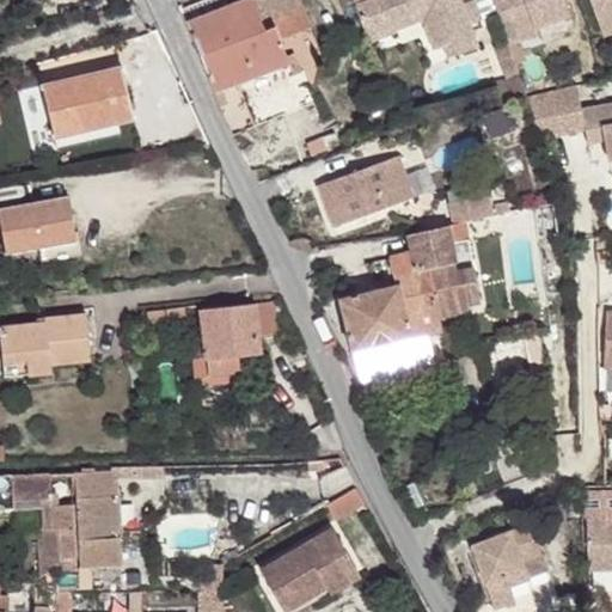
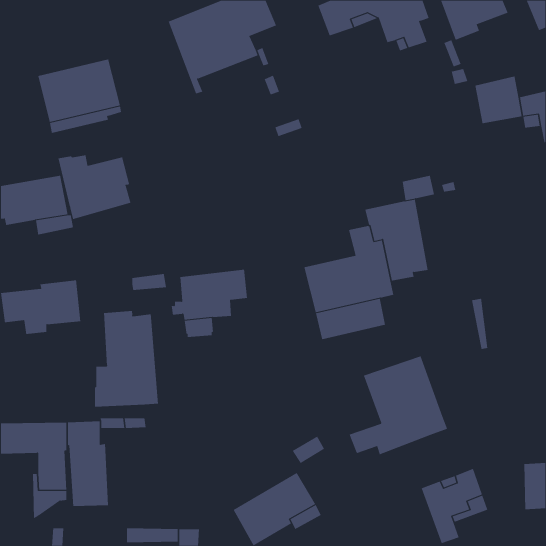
building: [318,155,412,227] -> none
building: none -> [58,155,131,220]
building: none -> [95,310,158,408]
building: none -> [349,355,448,455]

